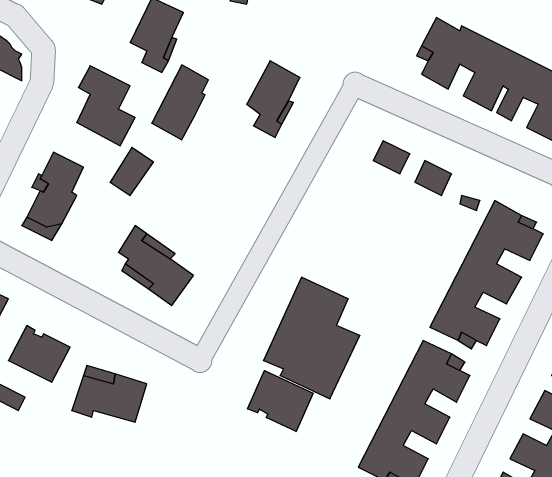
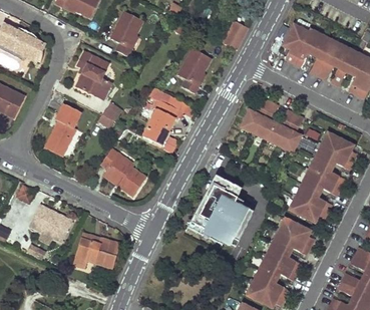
building: none -> [218,17,248,49]
building: [152,65,208,140] -> [143,99,177,144]
building: none -> [240,109,299,150]
building: [248,371,313,432] -> none

